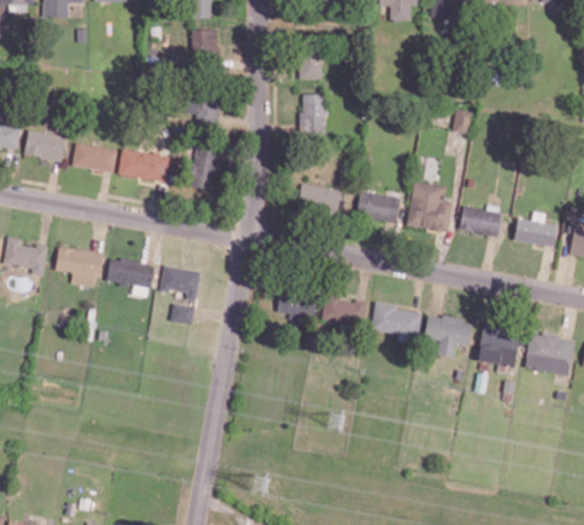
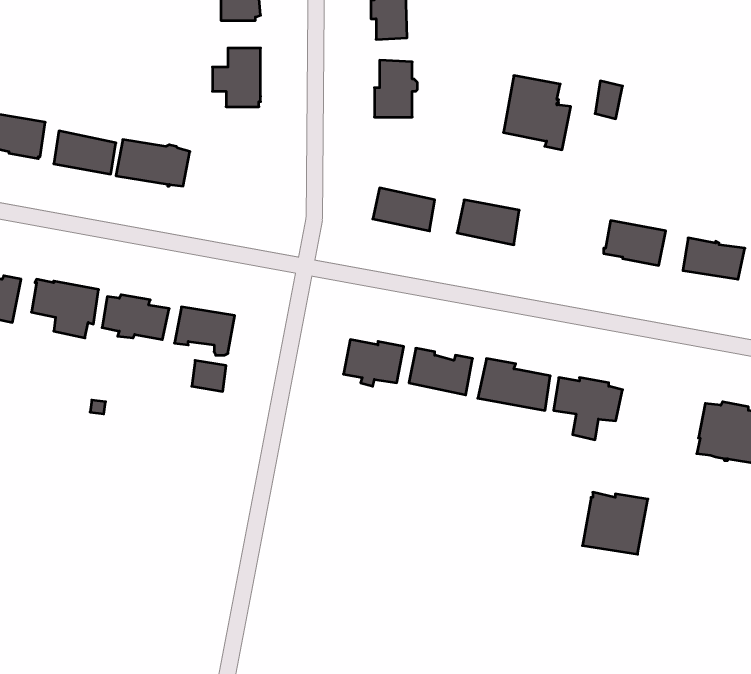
building: [188,144,220,190] -> none
building: [407,181,454,232] -> [503,76,571,150]
building: [476,324,521,367] -> [582,492,648,554]

